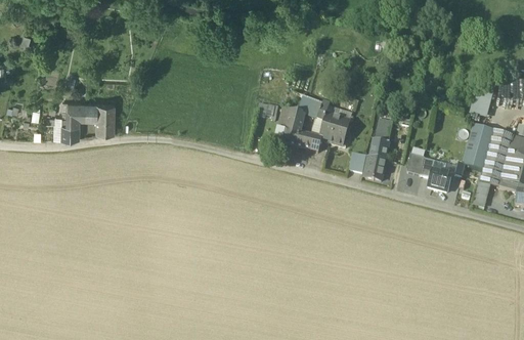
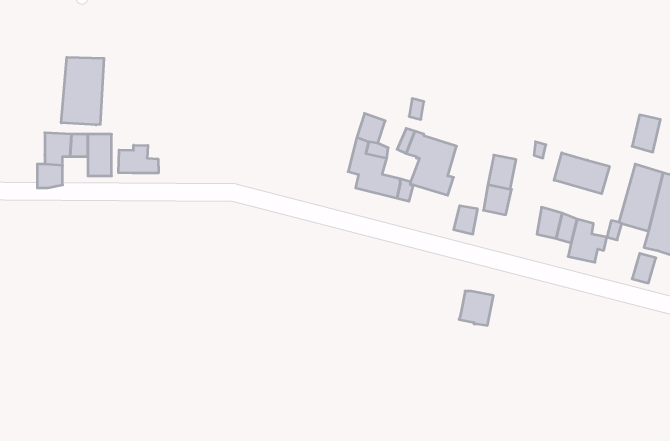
building: none -> [61,57,104,125]
building: none -> [118,145,158,173]
building: none -> [554,153,609,194]
building: [362,156,386,179] -> [459,291,493,325]

